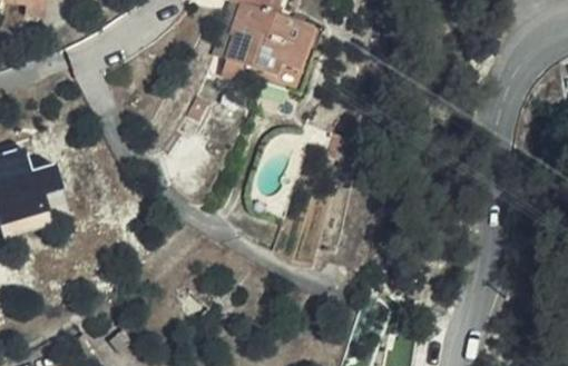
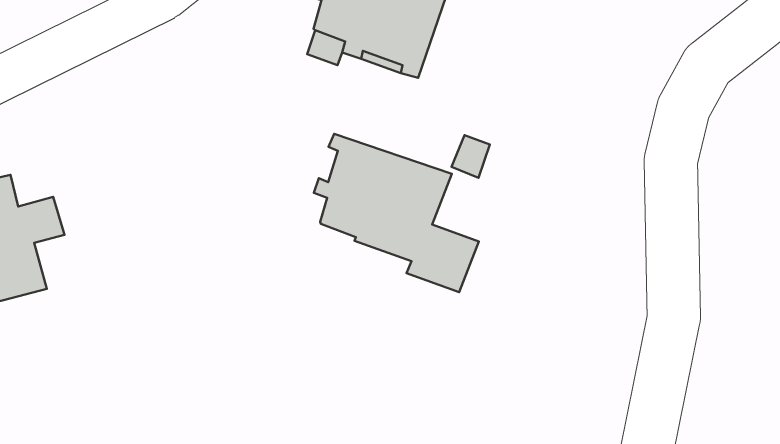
building: none -> [314,134,479,292]

